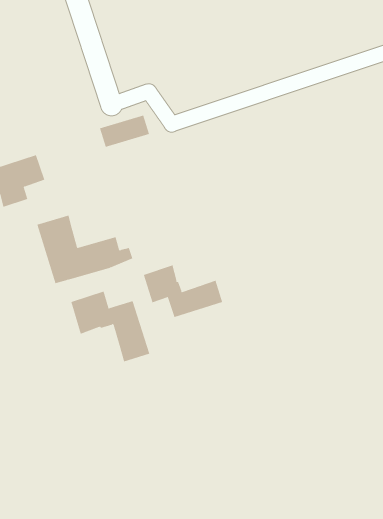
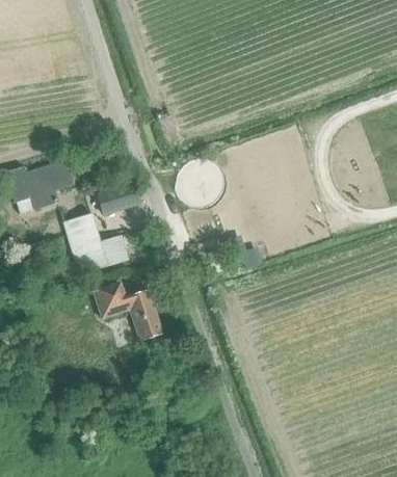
building: [99,115,150,148] -> [98,187,141,215]
building: [143,264,223,318] -> none

